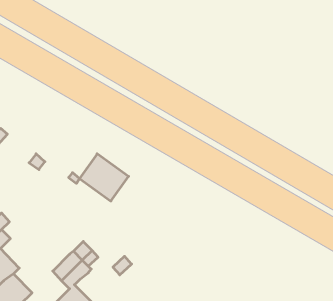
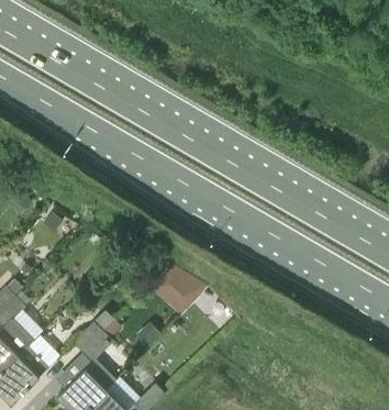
building: [79,154,129,201] -> [152,259,207,312]

